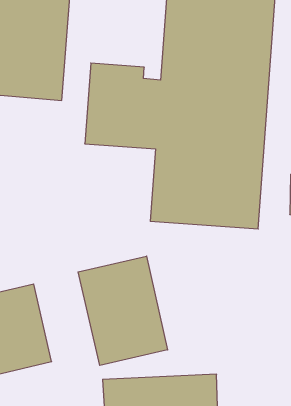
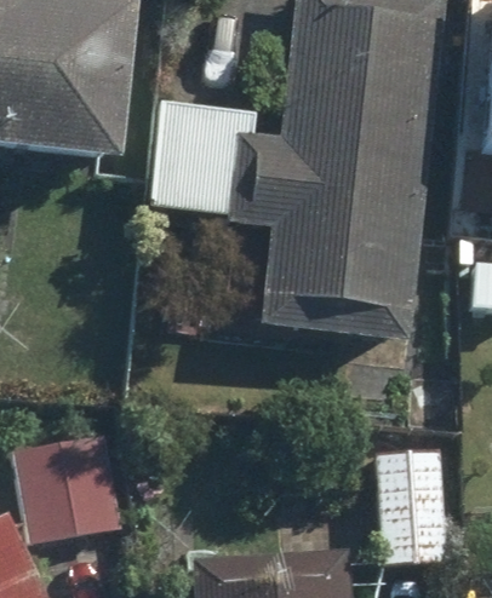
building: [78,256,168,365] -> none
building: none -> [371,447,453,579]

